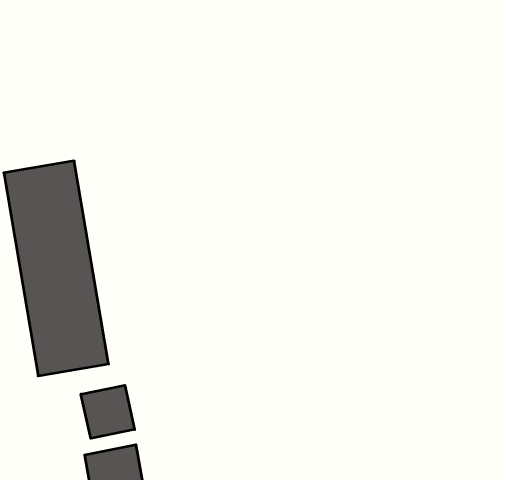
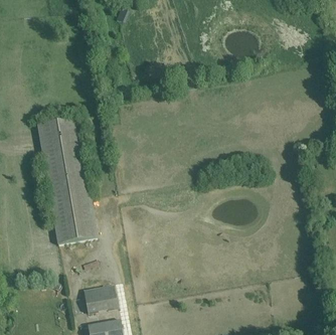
building: [81,385,135,438] -> none

